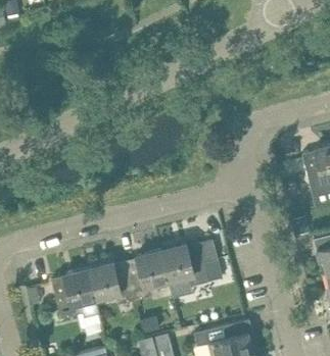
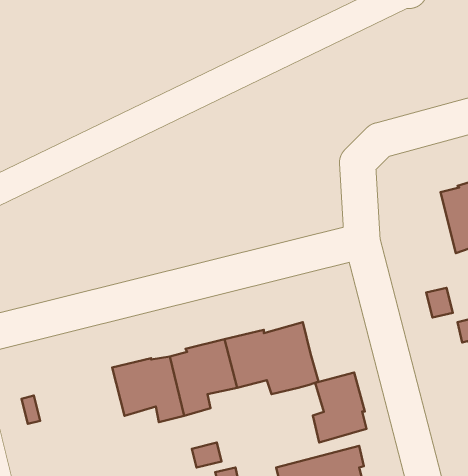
building: [51,269,98,319] -> none
building: none -> [313,372,366,443]

